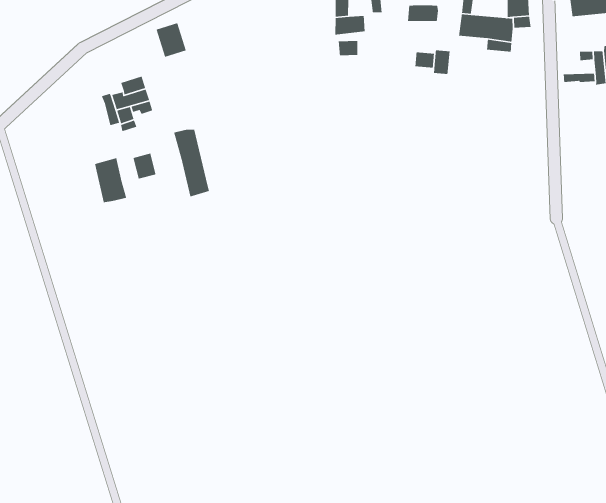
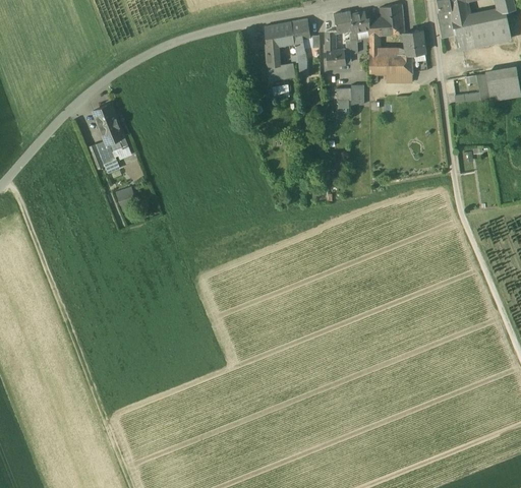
building: [156,22,187,58] -> [93,104,119,133]
building: [173,129,210,197] -> none
building: [94,157,127,203] -> none

